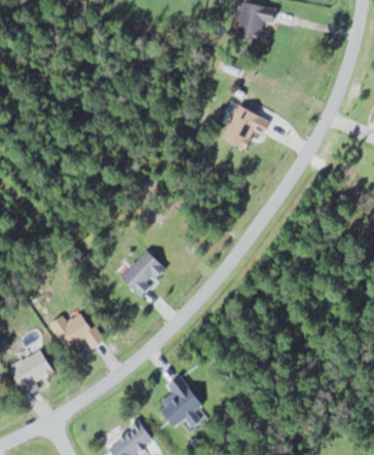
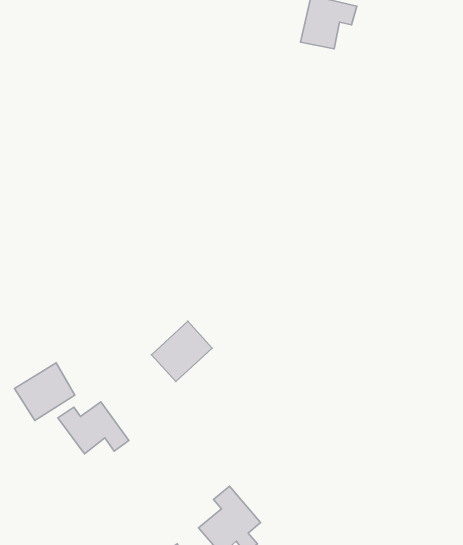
building: [221,104,270,148] -> none
building: [8,348,54,392] -> [15,363,75,421]

